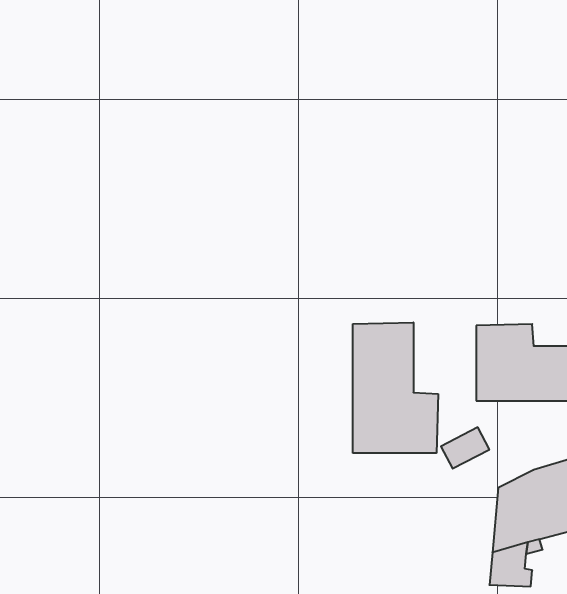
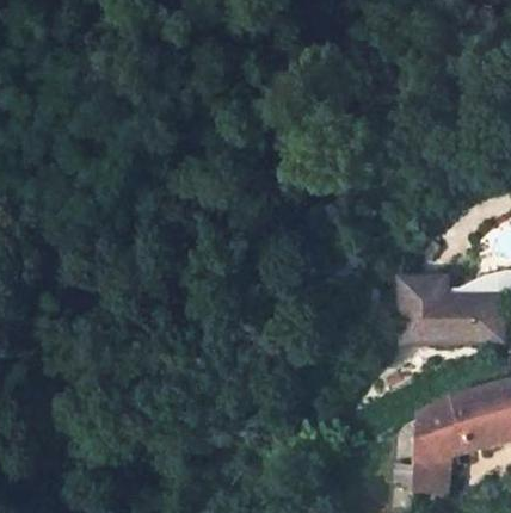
building: [353,322,438,453] -> none

